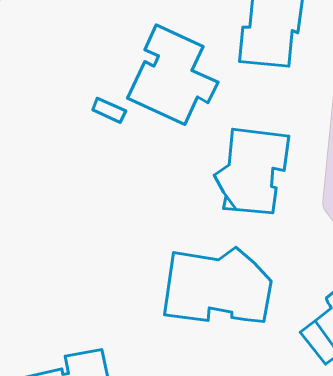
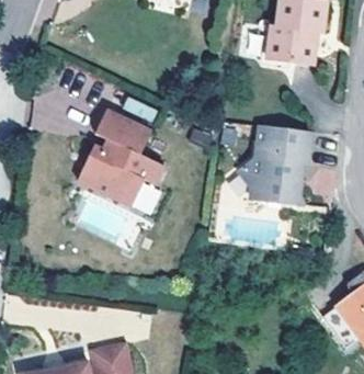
building: [128,25,218,124] -> [82,103,169,199]
building: [165,247,271,322] -> none

